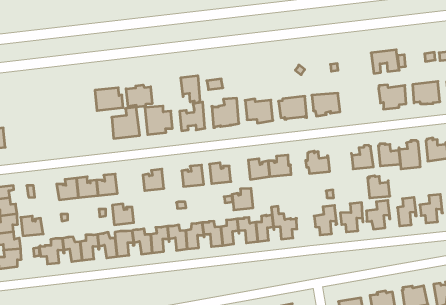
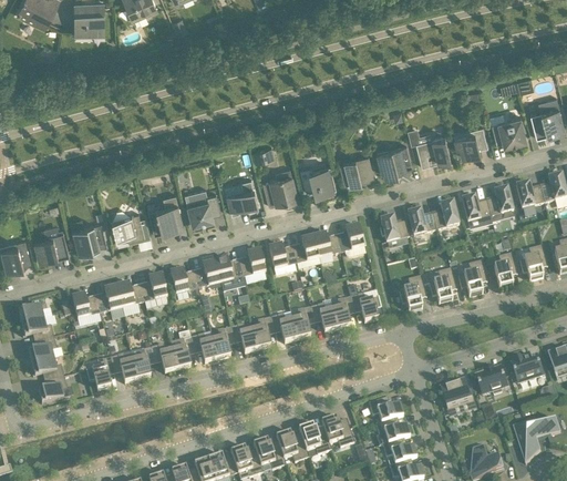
building: [371,50,399,73] -> [415,133,451,164]
building: [181,76,200,103] -> none
building: [126,85,152,107] -> none
building: [95,88,123,111] -> [112,211,147,240]
building: none -> [70,215,107,250]
building: none -> [34,222,69,258]
building: none -> [215,256,243,282]
building: [368,176,390,198] -> [408,207,436,234]
building: [232,188,253,210] -> [292,235,319,263]
building: [112,204,134,225] -> [171,267,198,293]
building: [21,216,43,236] -> [72,293,101,317]

